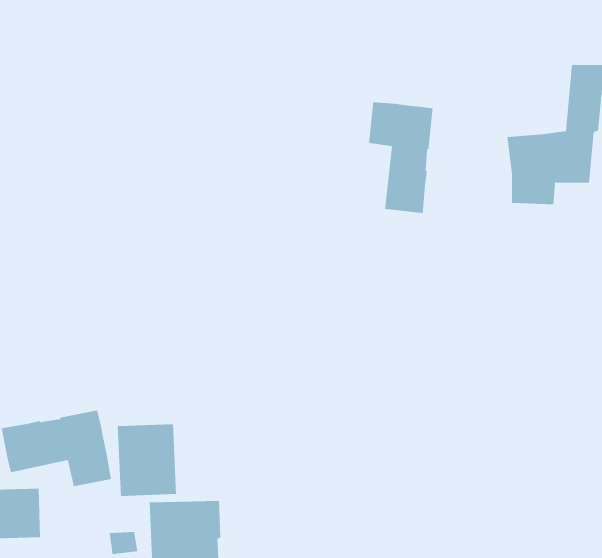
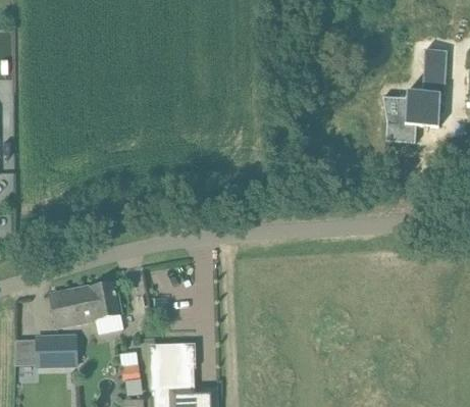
building: [369,102,433,214] -> none
building: [117,423,177,497] -> none

